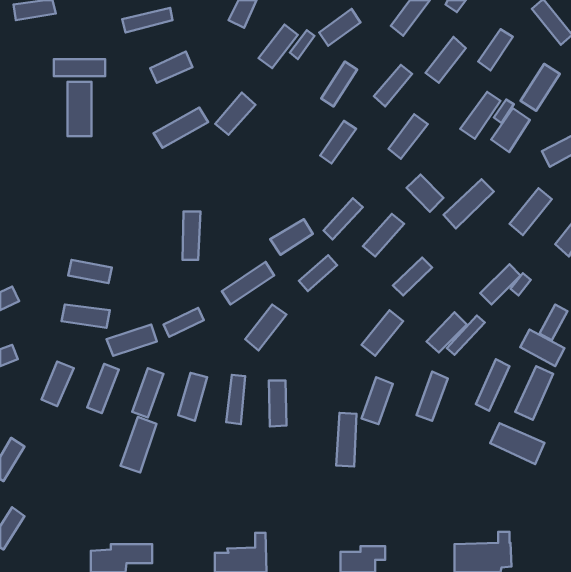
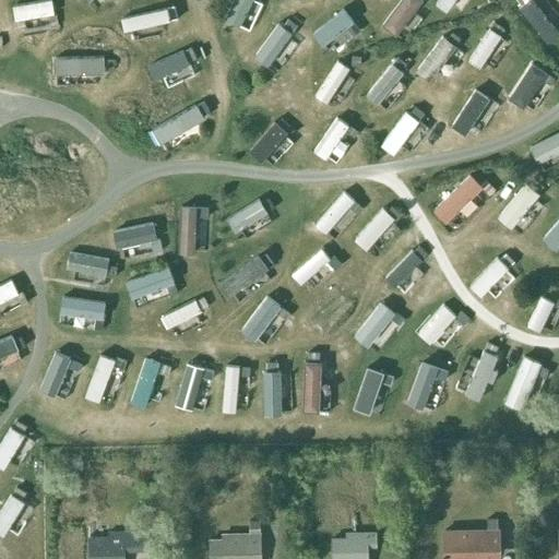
building: [68,82,91,136] -> none
building: [215,92,255,135] -> [248,120,287,162]
building: [491,108,530,152] -> none
building: [406,175,443,212] -> none
building: [270,219,313,255] -> [226,199,267,234]
building: none -> [112,223,156,248]
building: [106,325,157,356] -> [124,267,174,298]
building: [520,329,565,366] -> none
building: [336,413,356,467] -> [301,361,321,414]
building: [120,417,157,472] -> none
building: [490,423,544,464] -> none

